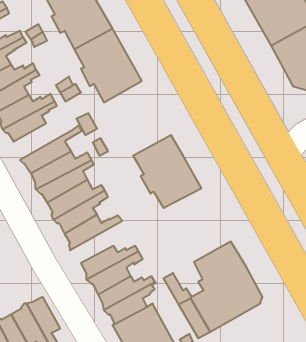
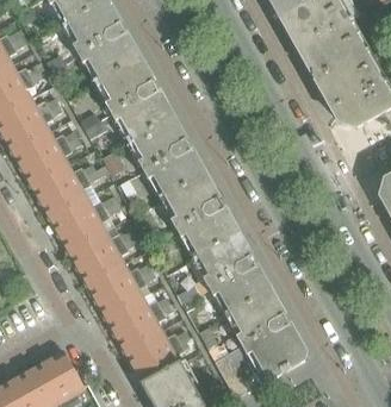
building: none -> [131,114,205,196]
building: none -> [32,161,95,201]
building: none -> [181,232,271,313]
building: none -> [94,268,154,314]

